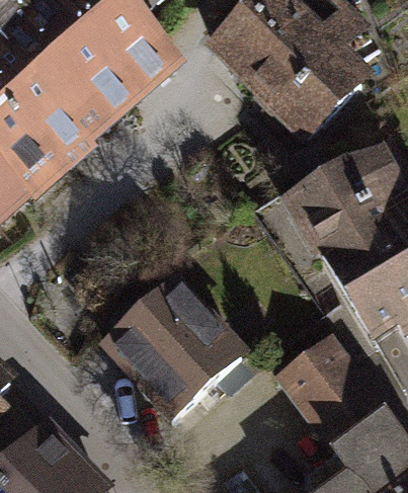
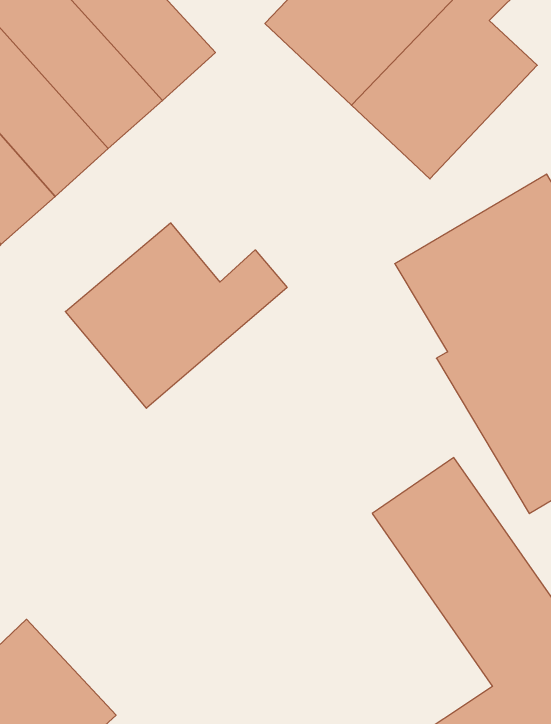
building: none -> [65,223,287,408]
building: [101,281,252,431] -> none

